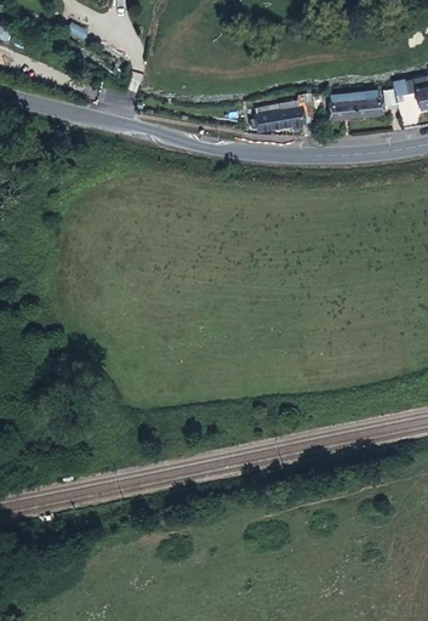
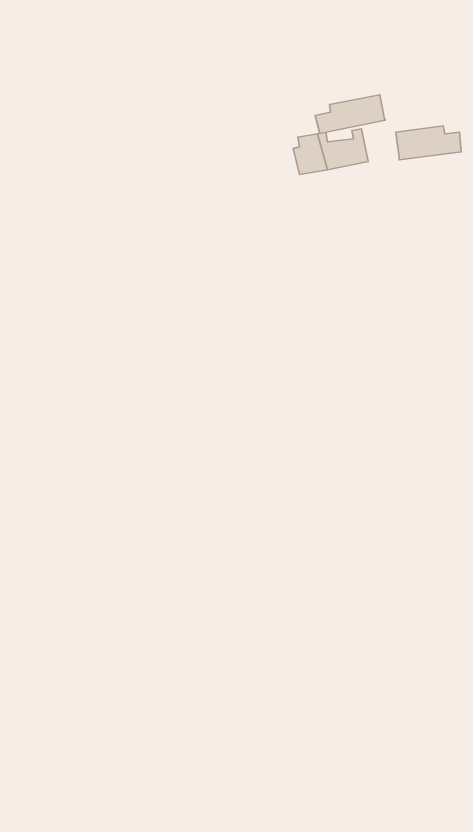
building: none -> [315,95,385,133]

